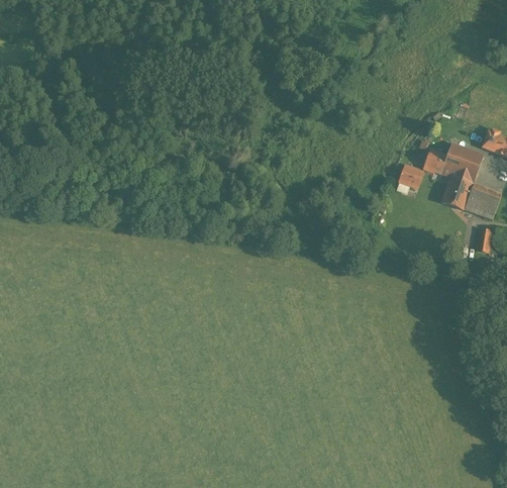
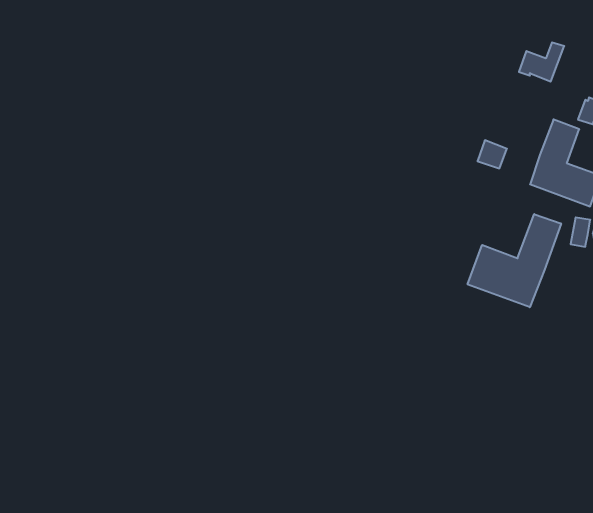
building: [425,144,463,177] -> [519,42,564,82]
building: none -> [468,214,561,307]

